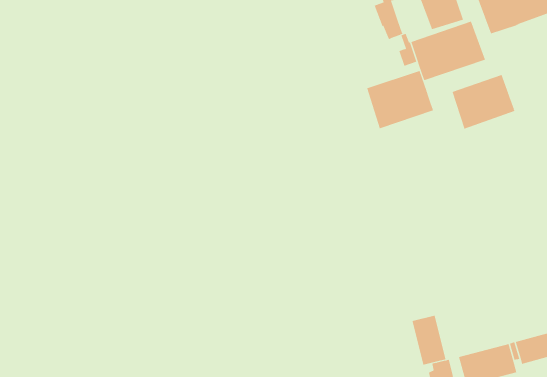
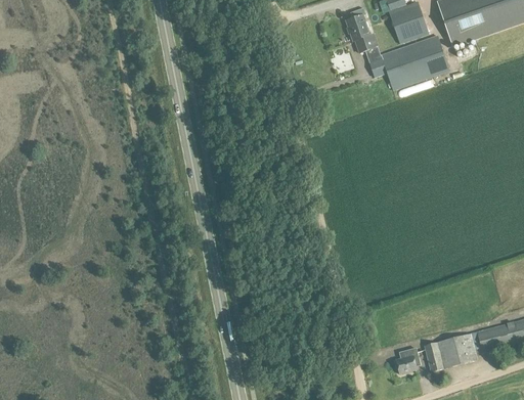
building: [367,70,434,129] -> none
building: [452,74,515,130] -> none
building: [412,315,446,365] -> none

